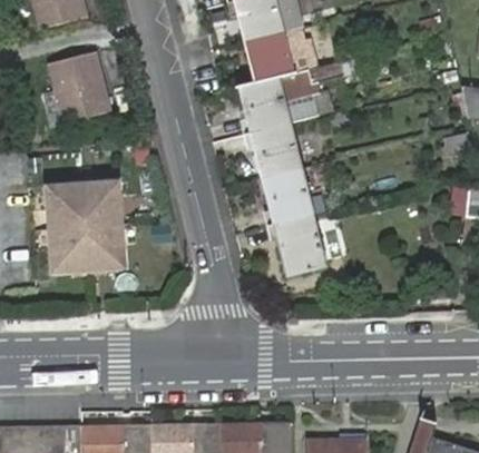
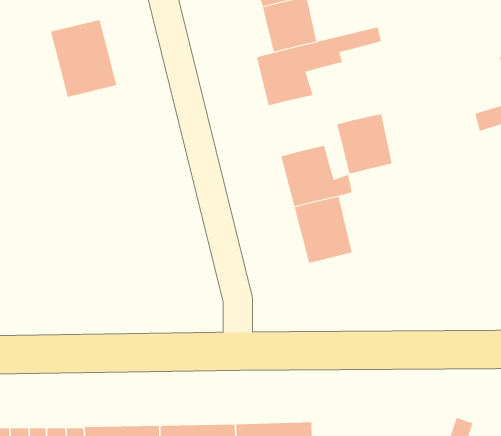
building: [251,122,302,178] -> [337,113,393,174]
building: [46,185,121,273] -> none

